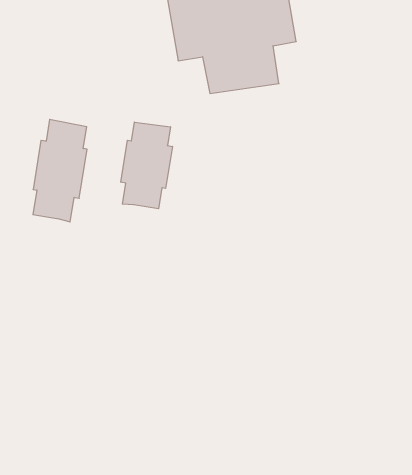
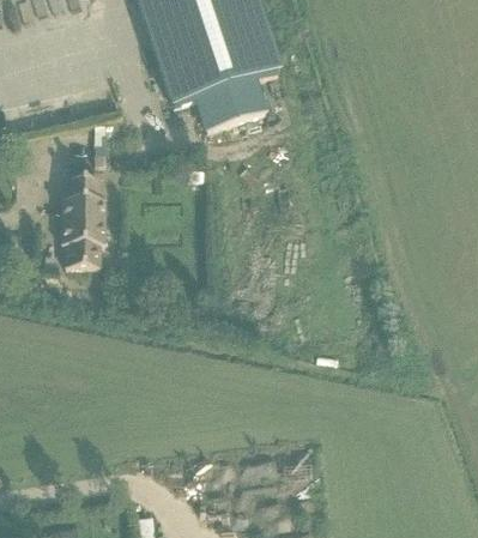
building: [121,122,172,209] -> none

